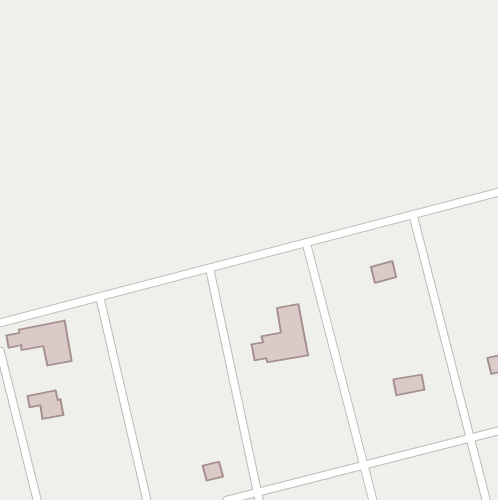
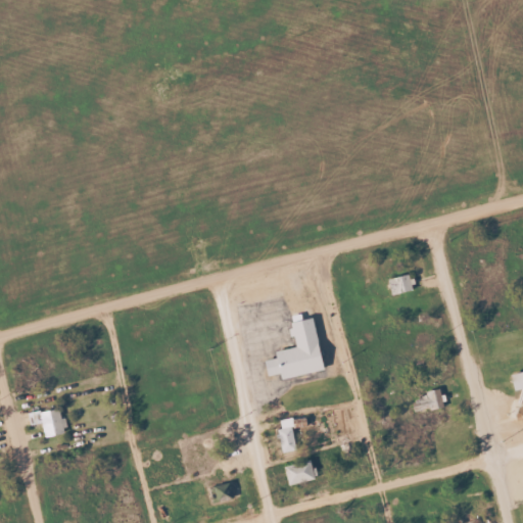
building: [6,320,72,366] -> none
building: none -> [280,418,297,453]
building: none -> [285,459,318,485]

